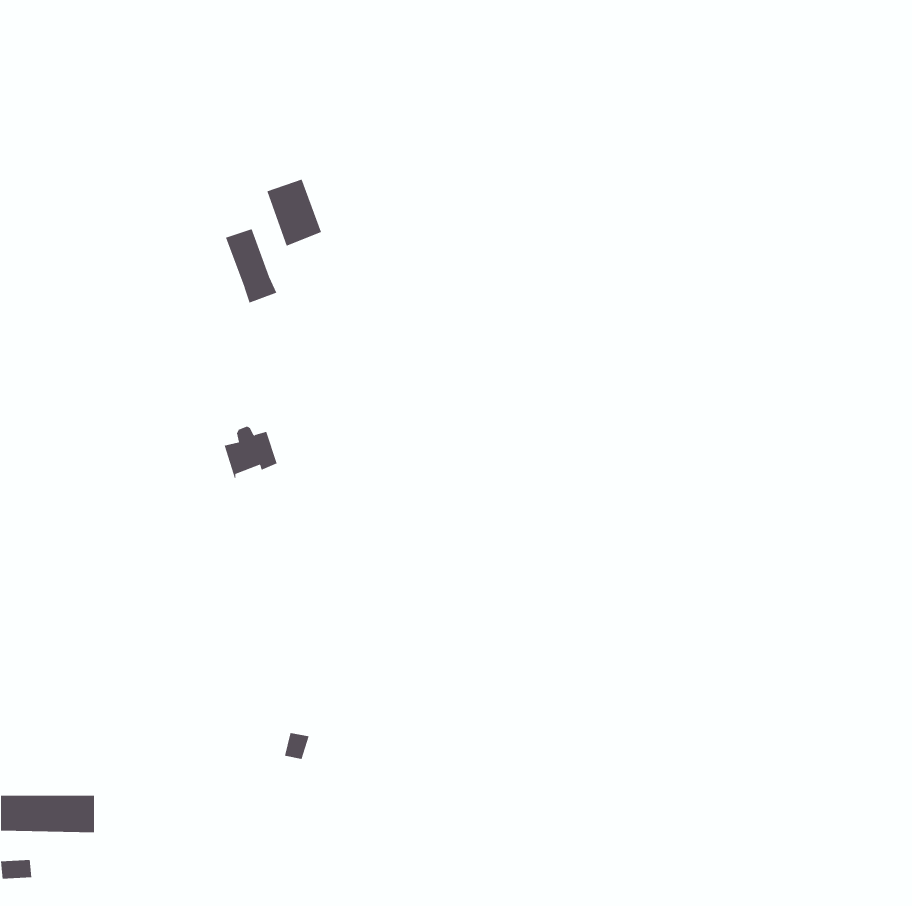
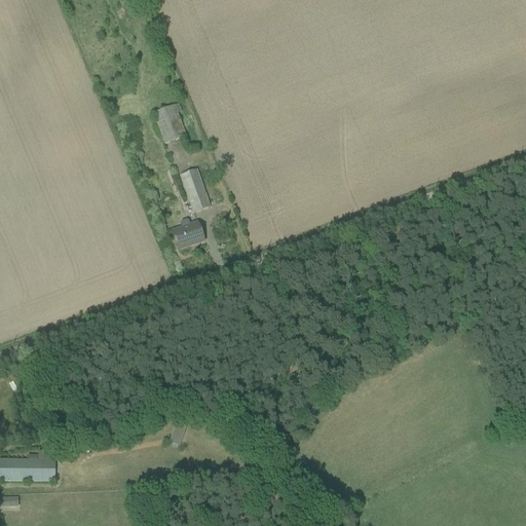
building: [225,228,277,303] -> [181,167,211,211]
building: [224,426,277,480] -> [174,217,204,248]

